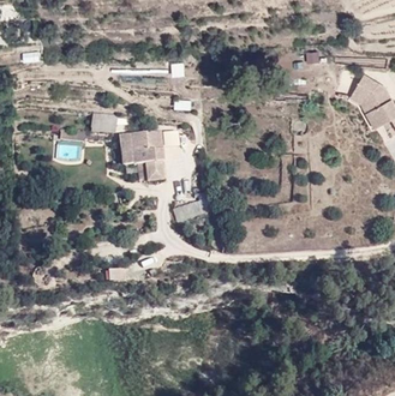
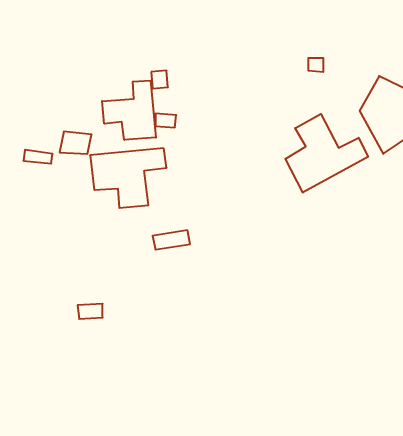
building: none -> [102,81,156,140]
building: none -> [285,114,368,193]

